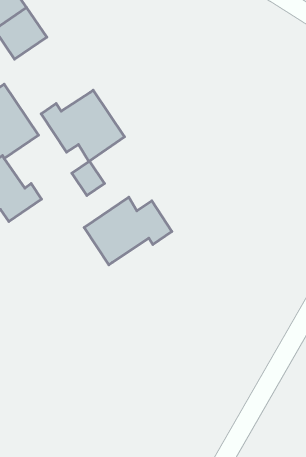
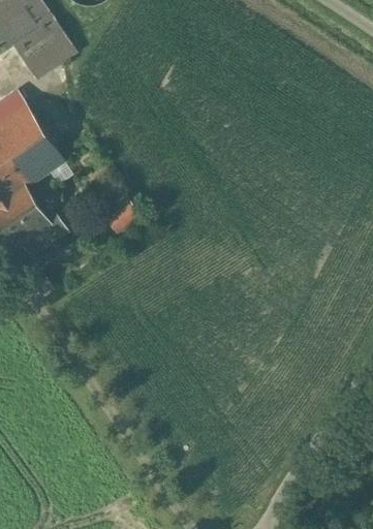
building: [41,90,124,162] -> none
building: [84,197,172,265] -> none

